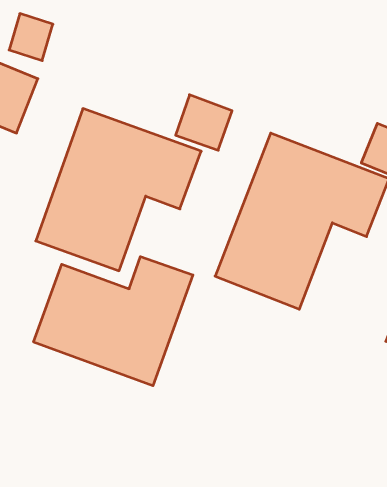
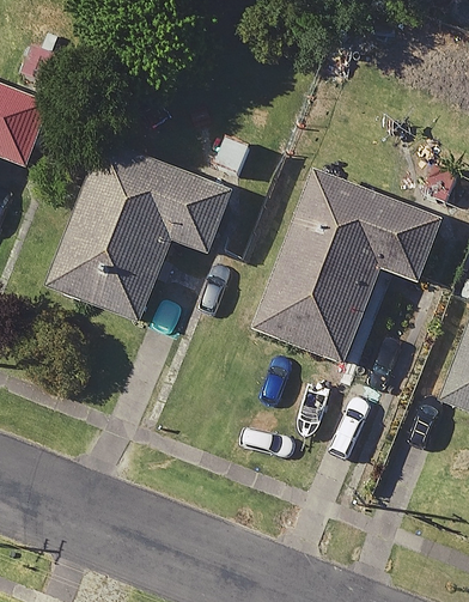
building: [34,257,193,386] -> none

